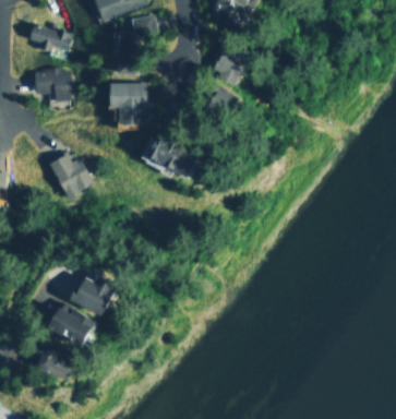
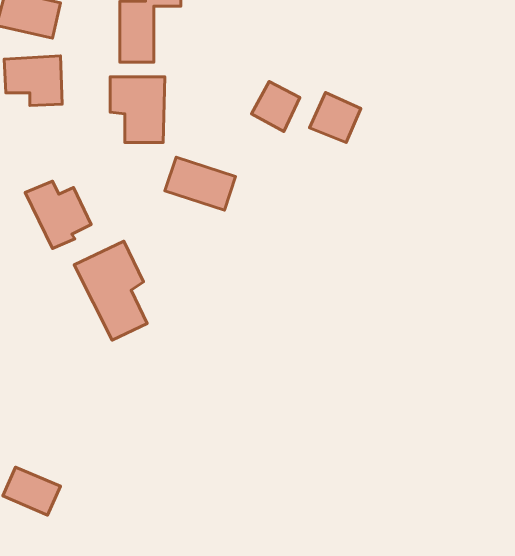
building: [207,49,242,83] -> [309,93,361,142]
building: none -> [74,241,147,340]
building: [68,276,109,314] -> none
building: [45,303,89,345] -> none

